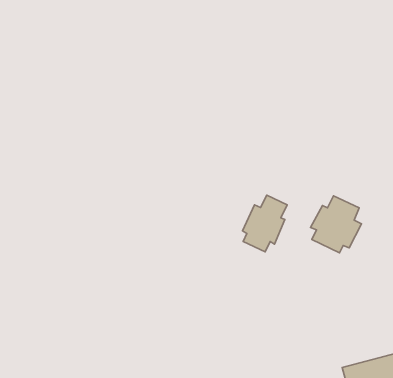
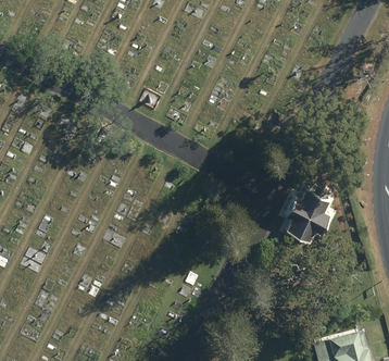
building: [242,195,287,252] -> none

